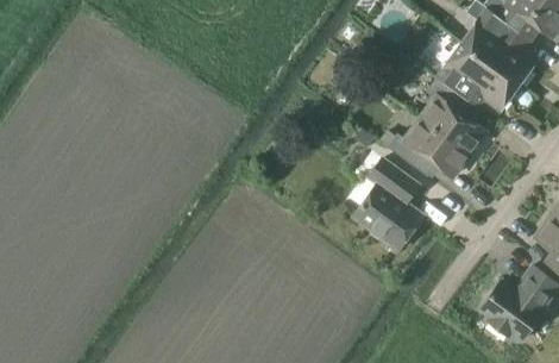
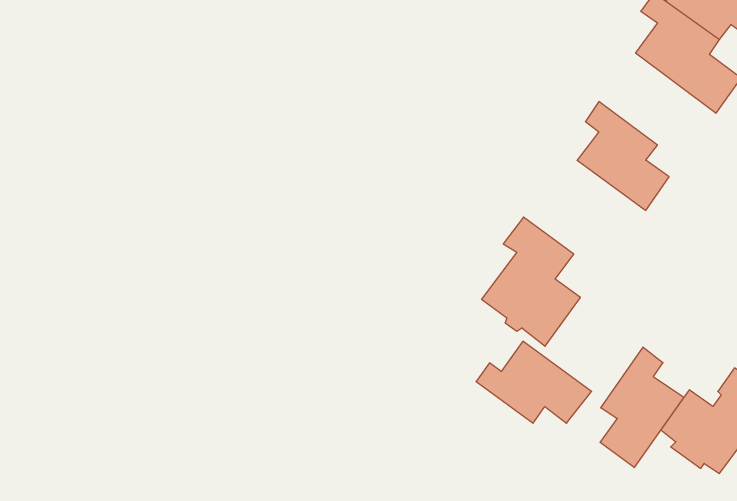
building: [436,42,520,108] -> none
building: [388,118,470,176] -> [476,341,592,423]
building: none -> [600,347,684,468]

